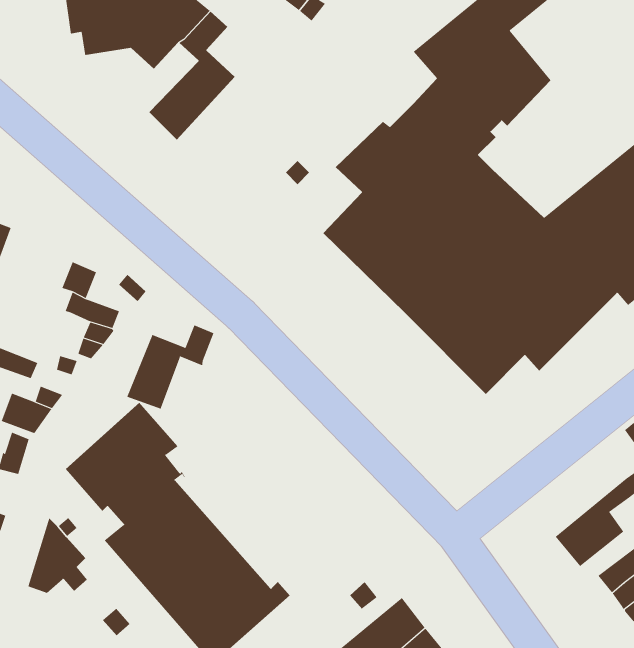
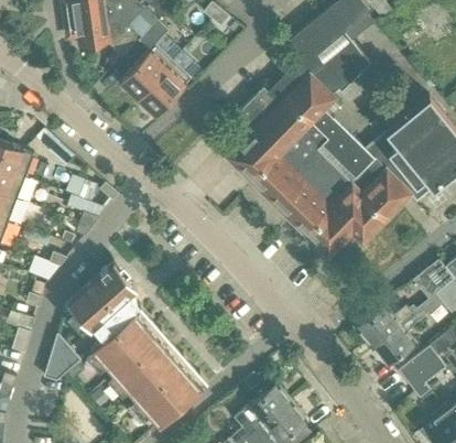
building: none -> [137,61,191,117]
building: [126,324,214,410] -> none
building: none -> [357,305,415,346]

